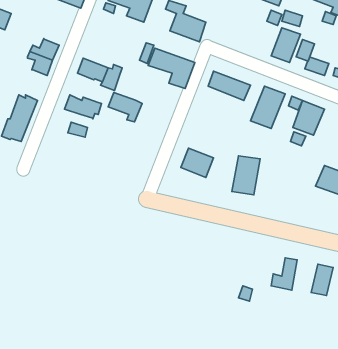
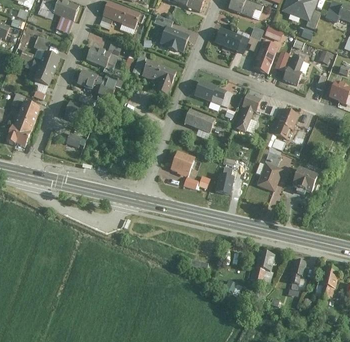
building: none -> [213,27,251,53]
building: [108,93,142,122] -> [82,45,113,72]
building: none -> [183,108,219,133]
building: none -> [256,151,287,191]

